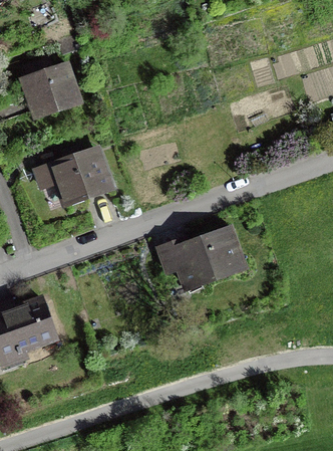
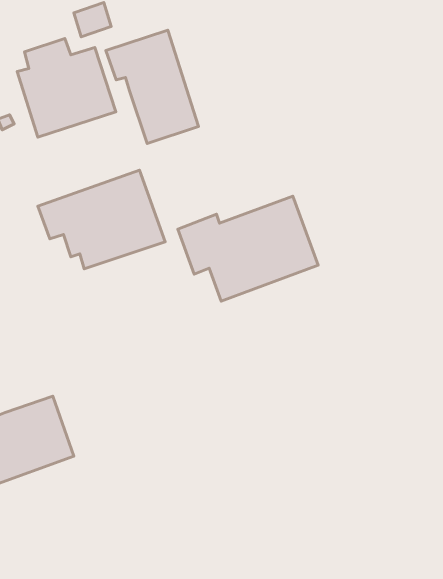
building: none -> [106,30,198,143]
building: [155,224,250,294] -> [178,196,318,301]

